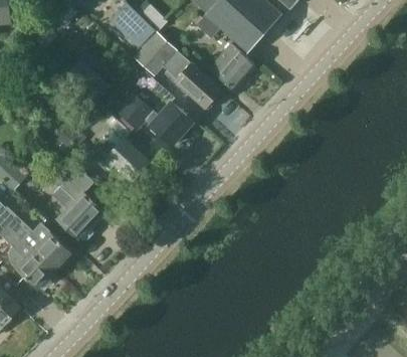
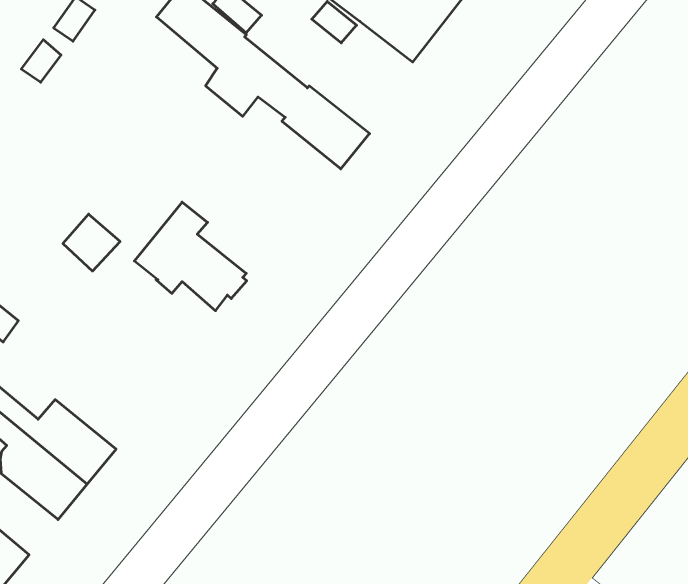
building: [209,43,256,91] -> none
building: [119,95,193,145] -> none
building: [52,164,105,241] -> none

